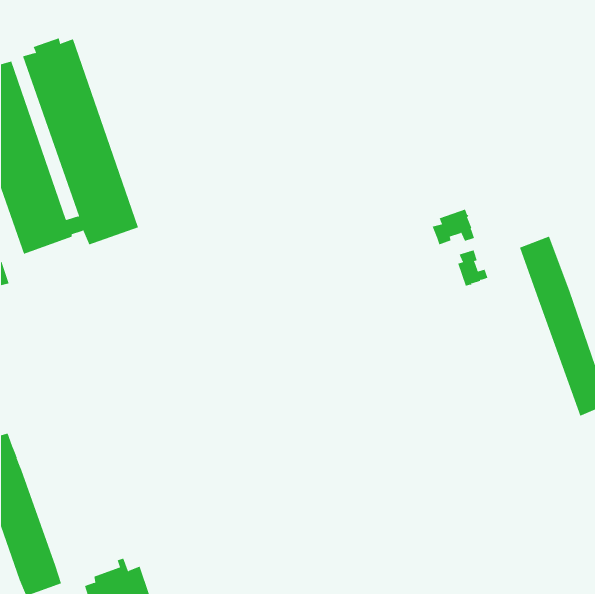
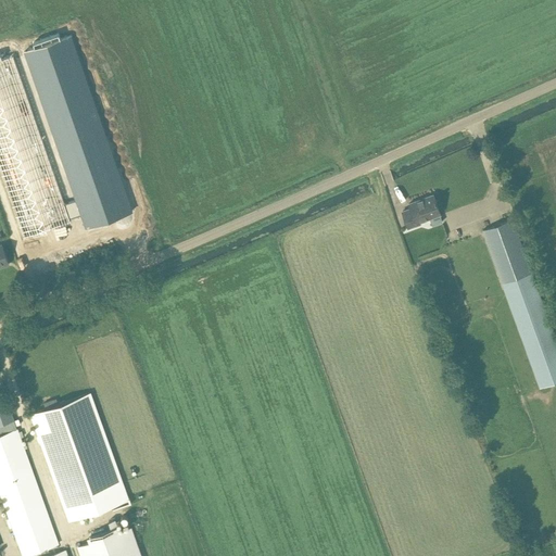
building: [457,249,488,287] -> none
building: none -> [33,394,129,521]

